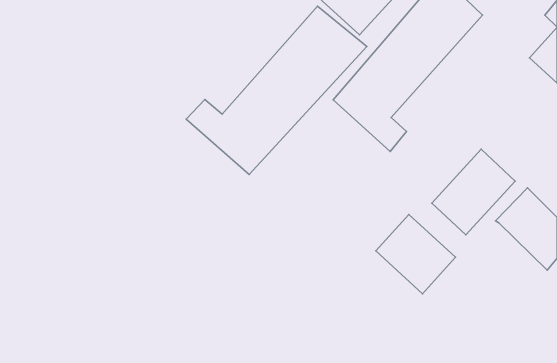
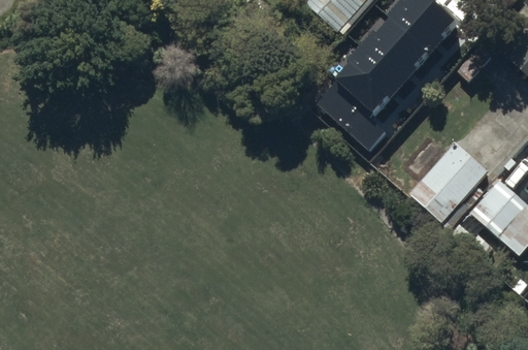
building: [186,6,367,174] -> none
building: [376,214,456,294] -> none

